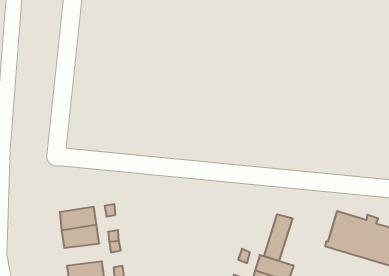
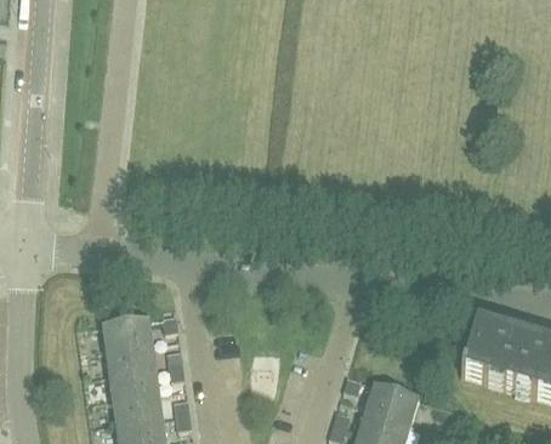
building: [264,214,293,261] -> none
building: none -> [109,362,160,392]

